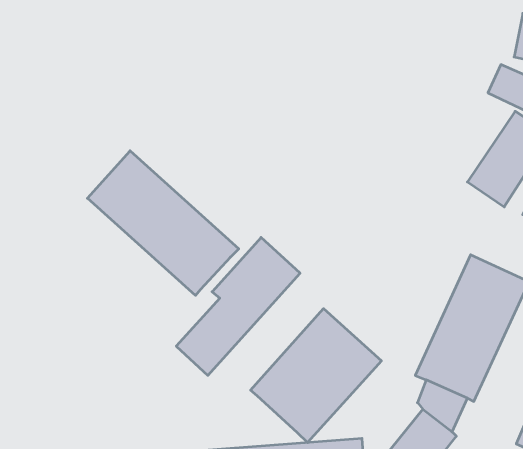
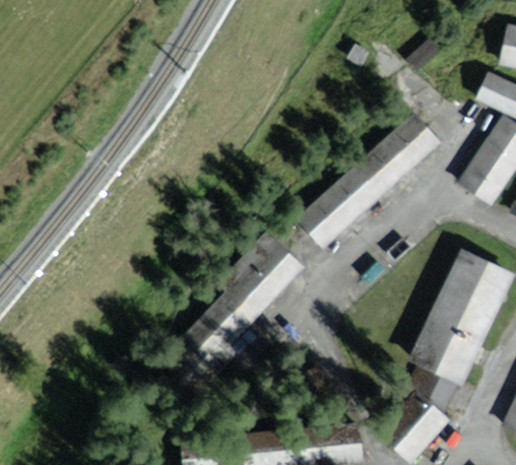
building: none -> [295,112,442,248]
building: [87,151,239,295] -> none
building: [251,309,381,443] -> none

